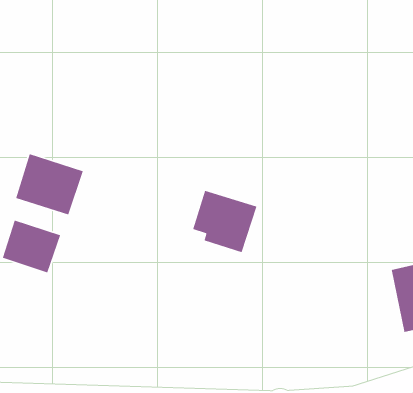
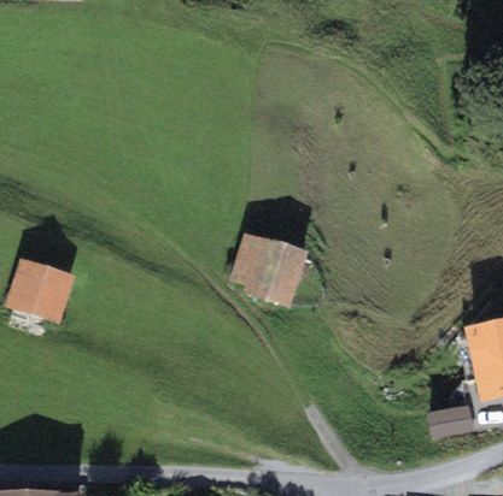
building: [15,153,84,215] -> none
building: none -> [426,402,473,437]

